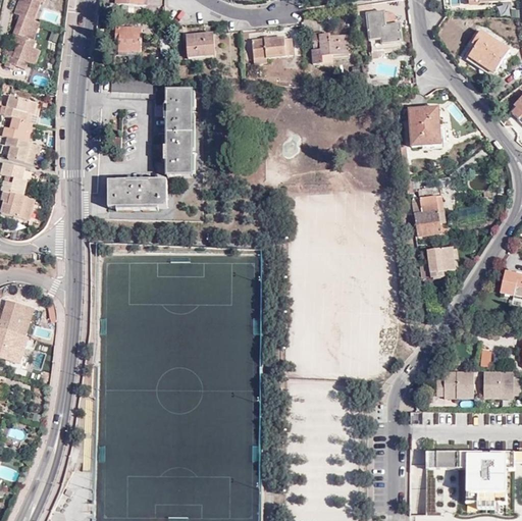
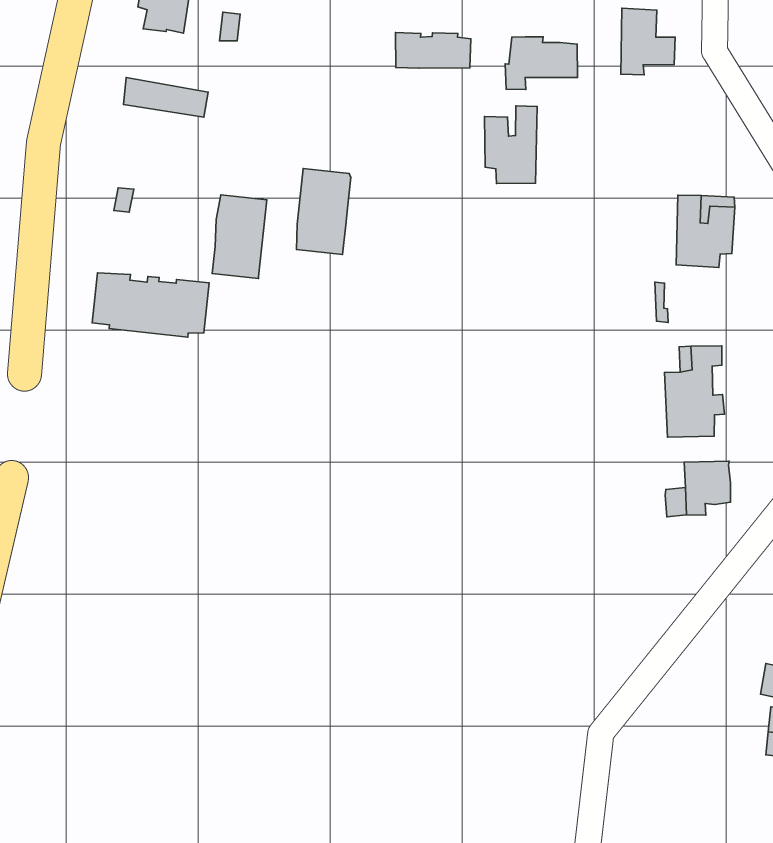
building: [186,32,213,57] -> none
building: none -> [484,106,537,184]
building: [167,91,193,134] -> [296,168,351,254]
building: [437,371,475,397] -> none

